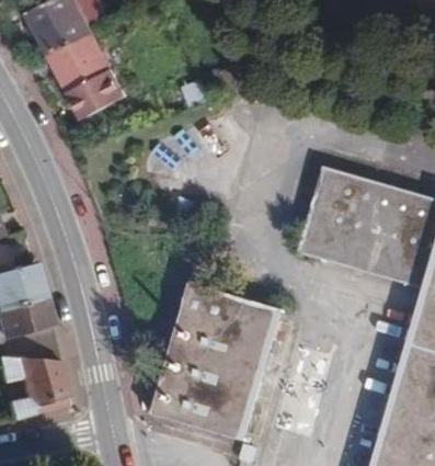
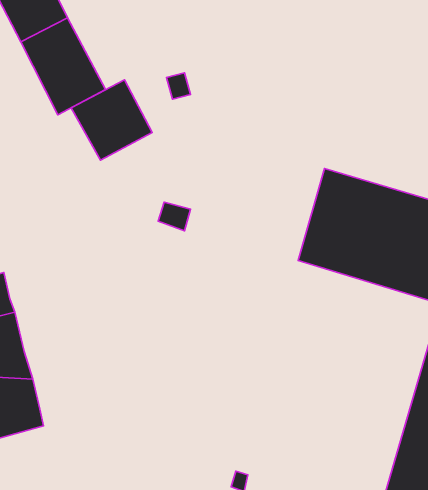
building: none -> [71,80,152,160]
building: [156,282,282,439] -> none

